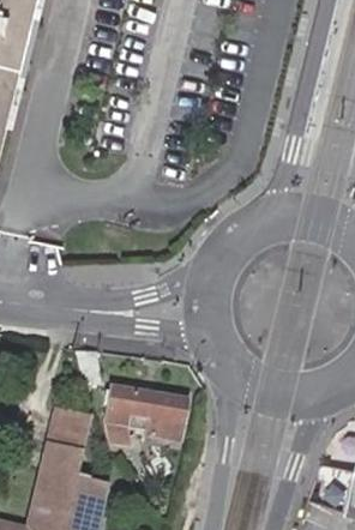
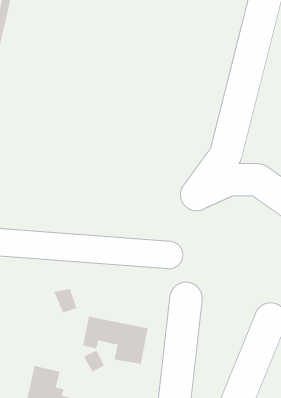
building: [49,410,89,452] -> none

